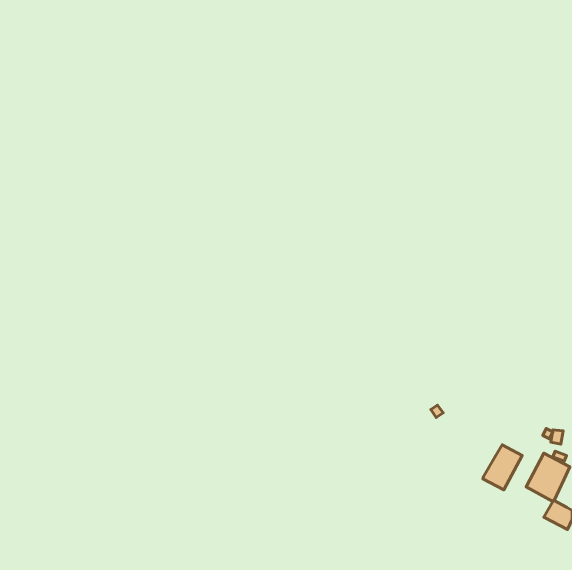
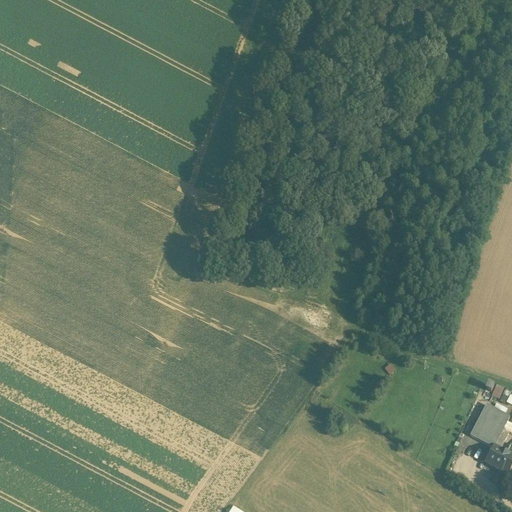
building: [483,445,522,490] -> none

